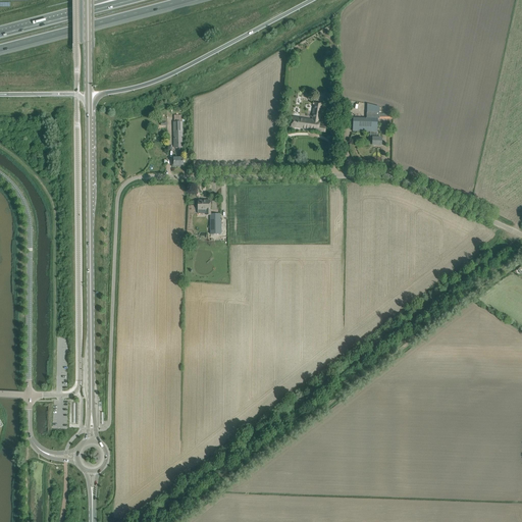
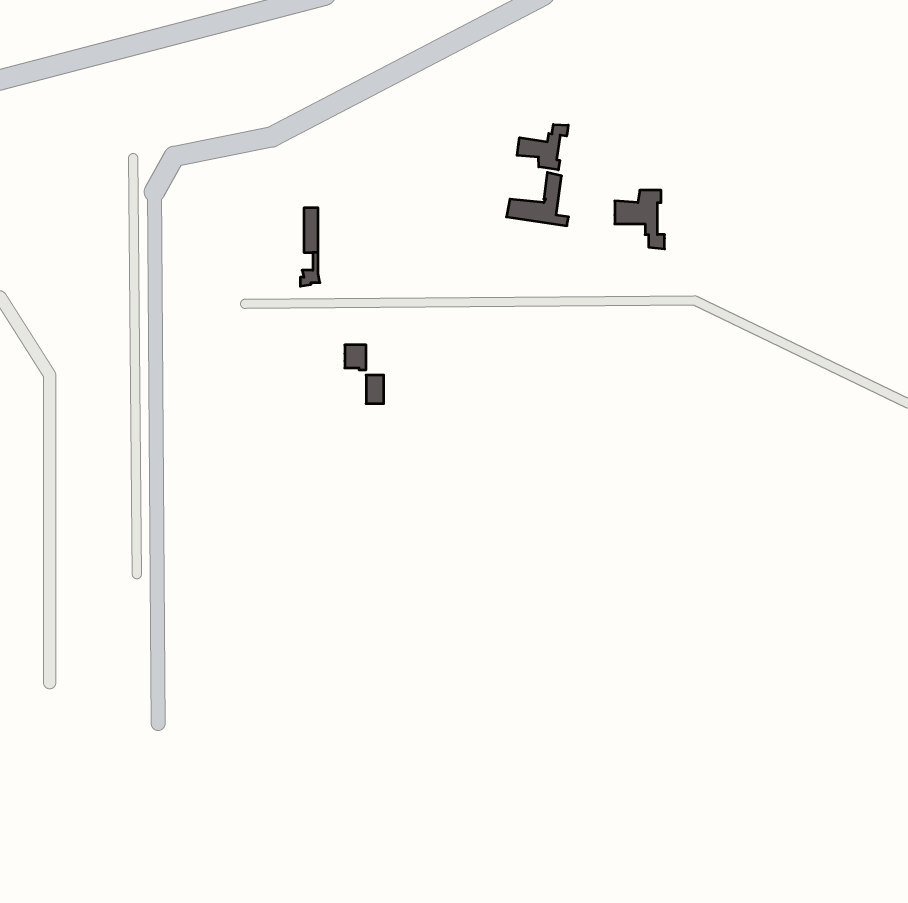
building: none -> [517,124,568,170]

